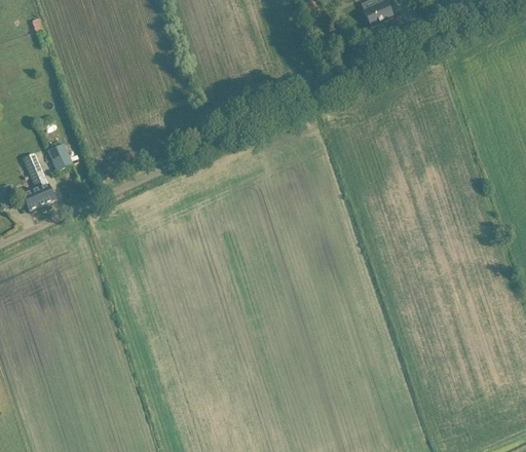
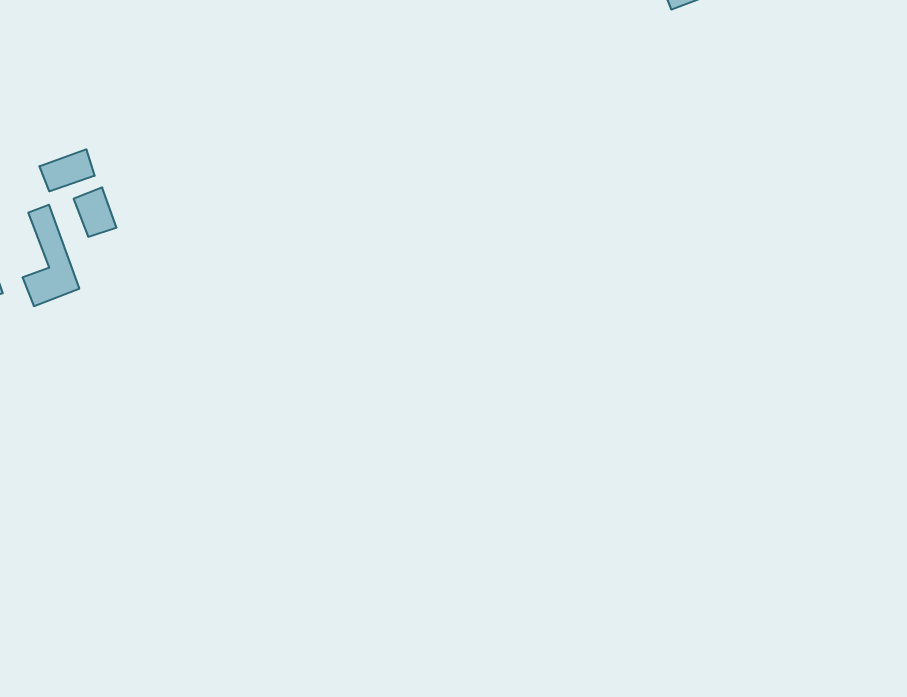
building: none -> [39,149,95,191]

